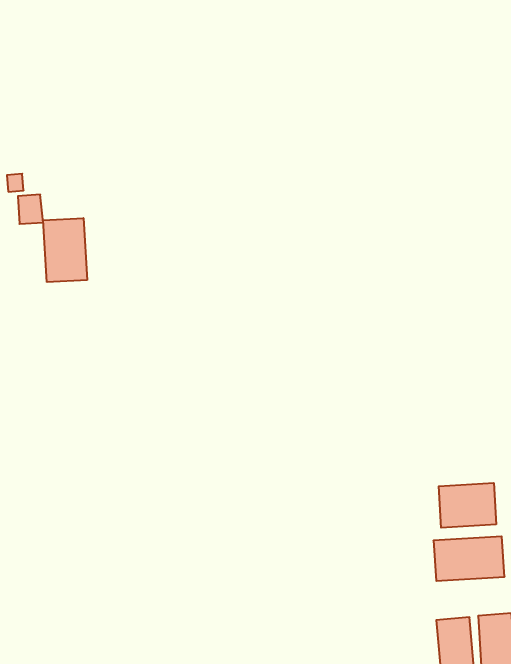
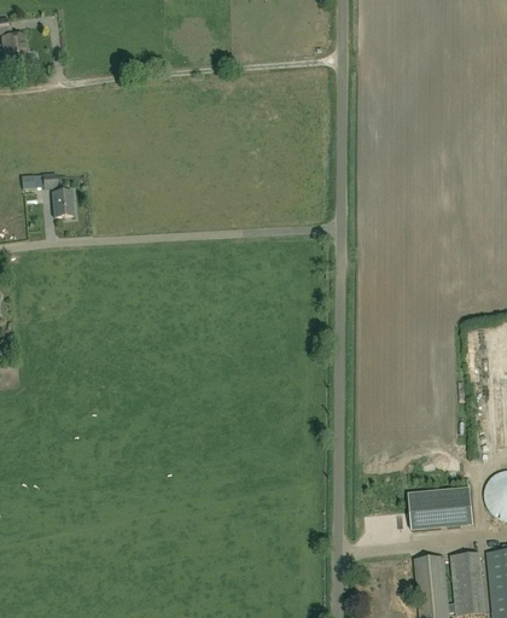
building: [43,218,87,282] -> none
building: [439,483,496,528] -> none

